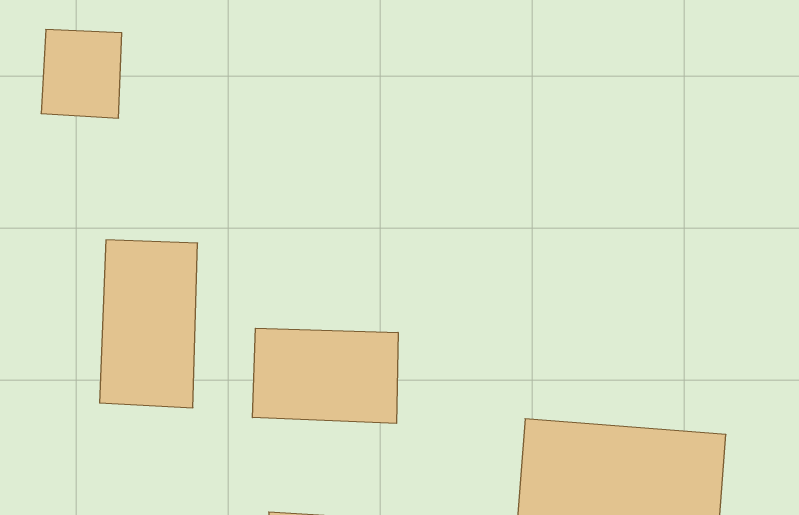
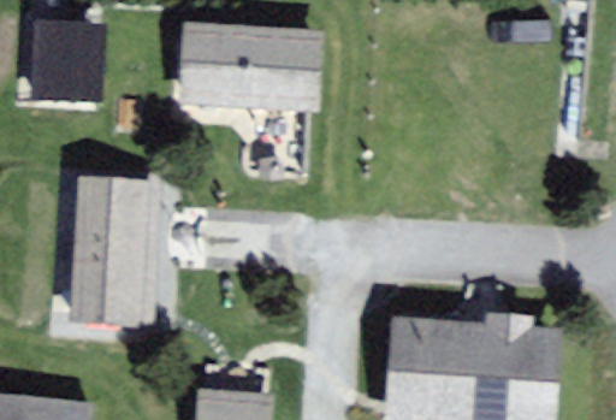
building: none -> [183,28,308,102]
building: [252,328,398,423] -> none

